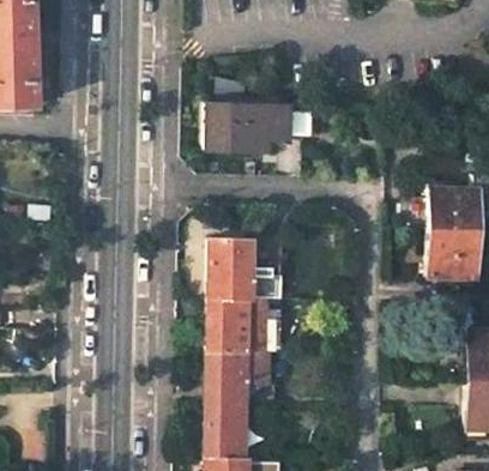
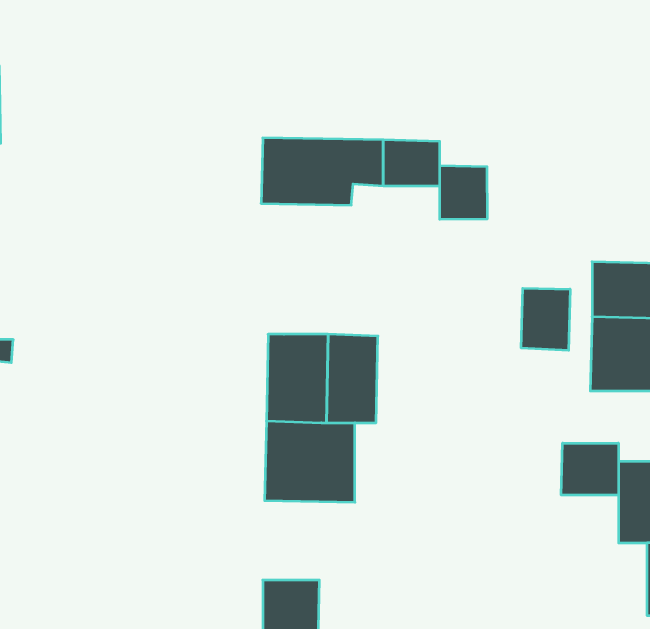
building: none -> [440,166,487,219]
building: none -> [521,288,570,350]
building: none -> [561,443,619,495]
building: [210,351,276,405] -> none

